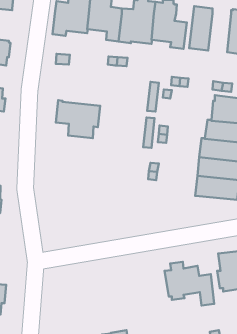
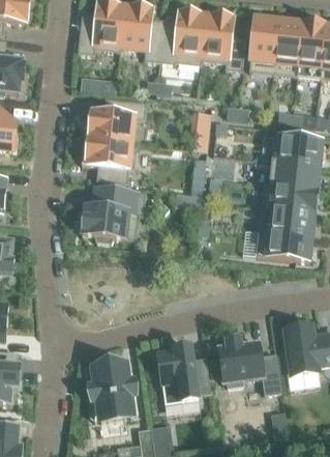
building: none -> [272,20,301,75]
building: none -> [89,97,146,142]
building: none -> [78,187,145,242]
building: none -> [157,346,210,403]
building: none -> [89,362,138,420]

